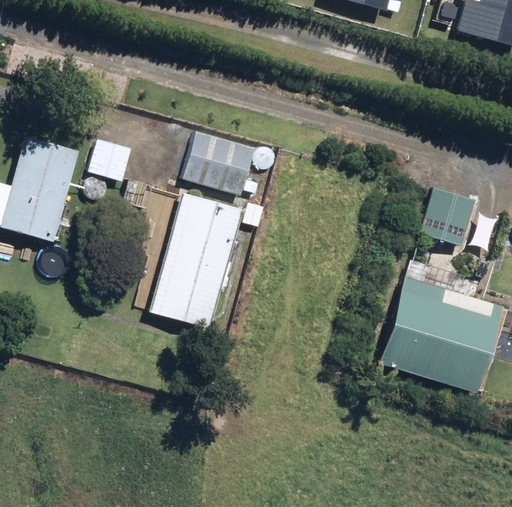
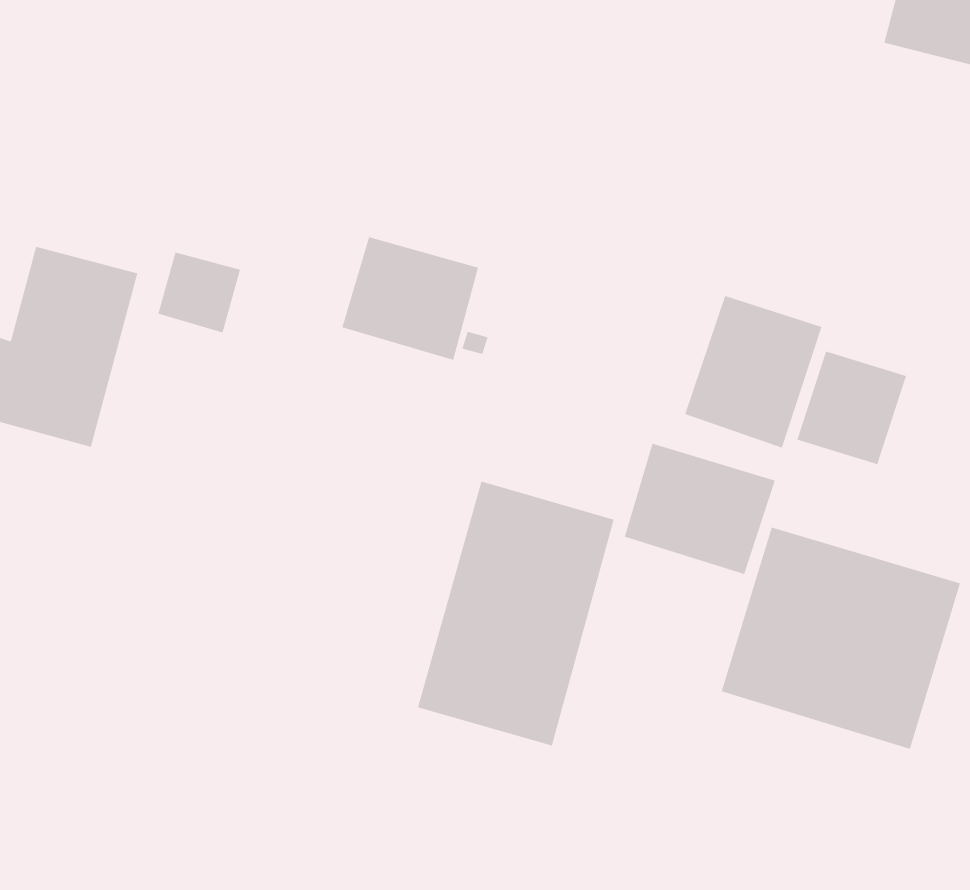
building: none -> [685,295,822,448]
building: [149,192,251,329] -> [417,481,615,746]
building: none -> [624,443,775,575]

